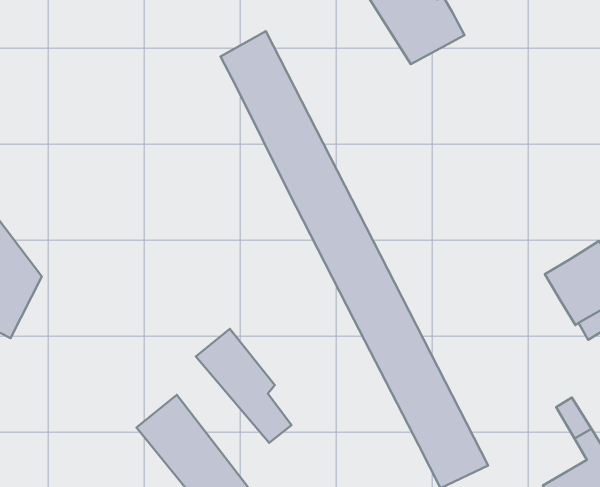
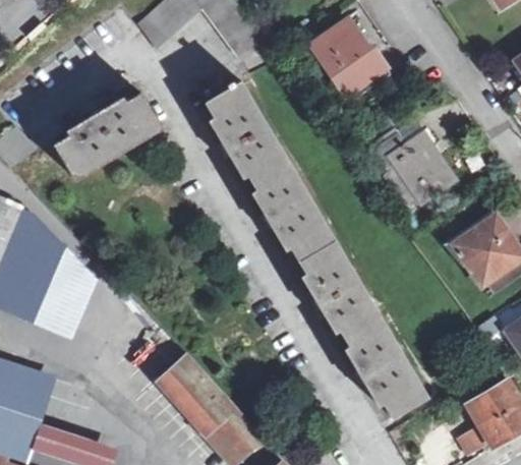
building: none -> [57,94,157,174]
building: none -> [371,131,453,204]
building: [196,329,291,443] -> none

